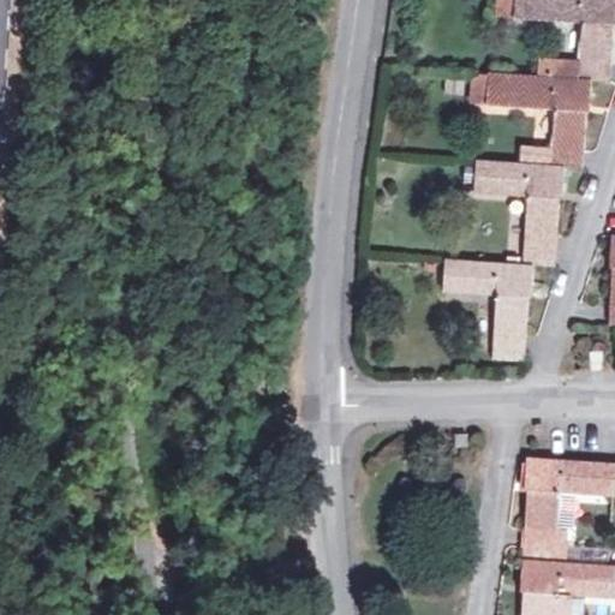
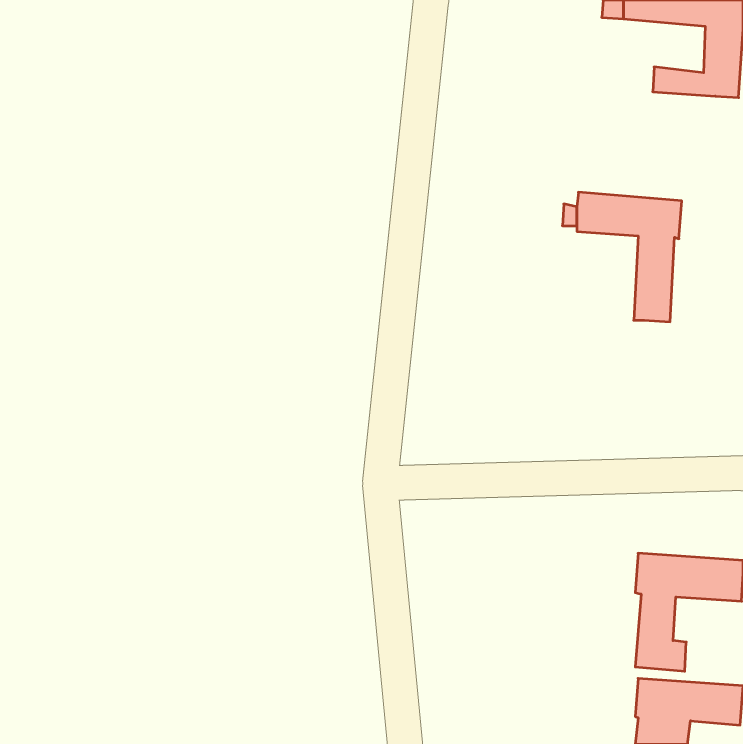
building: [489,72,590,167] -> none
building: [443,259,531,359] -> none

